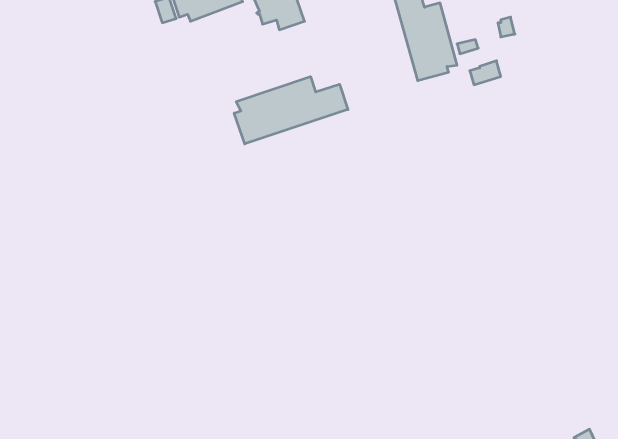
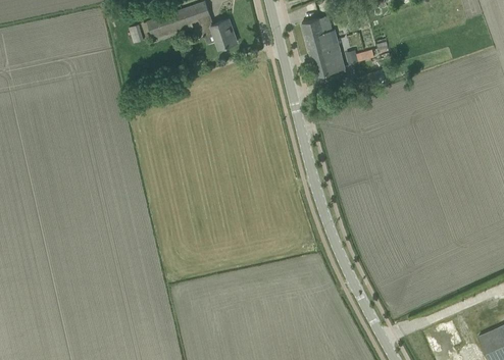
building: [234,77,348,144] -> none

